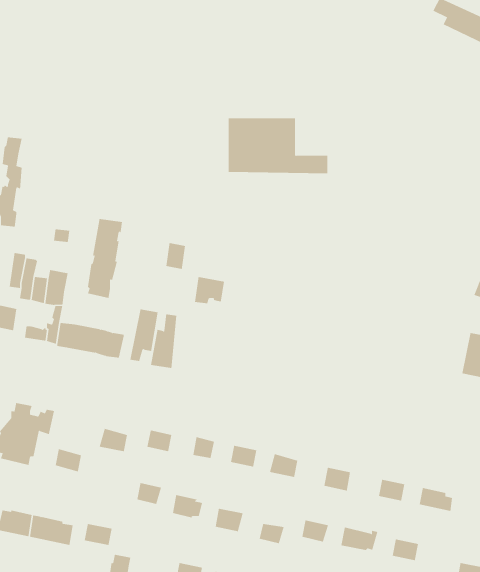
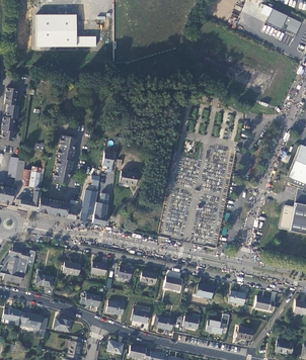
building: [228,118,328,174] -> [36,13,96,47]

